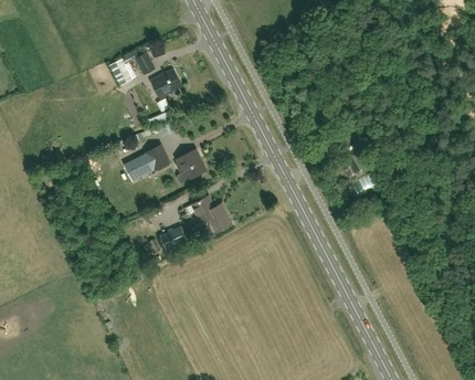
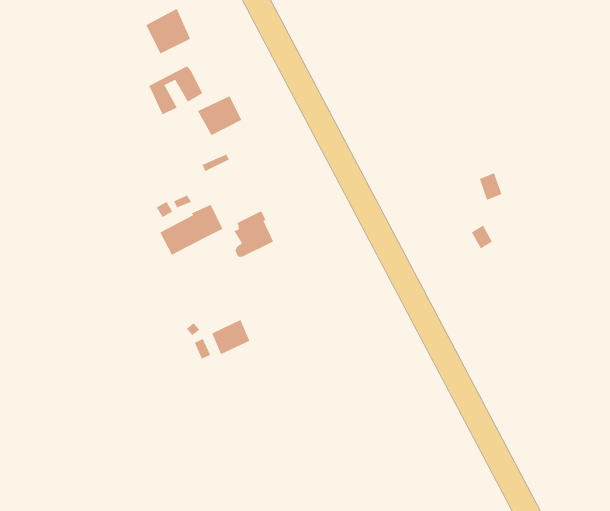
building: none -> [145,8,191,55]
building: [192,196,230,233] -> none

